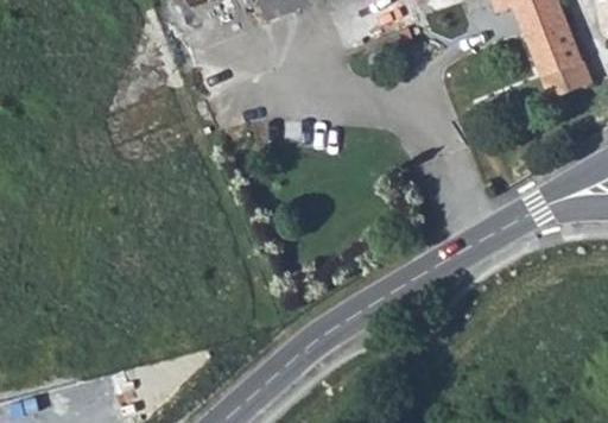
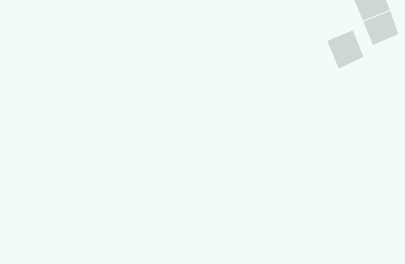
building: none -> [327,29,364,70]

